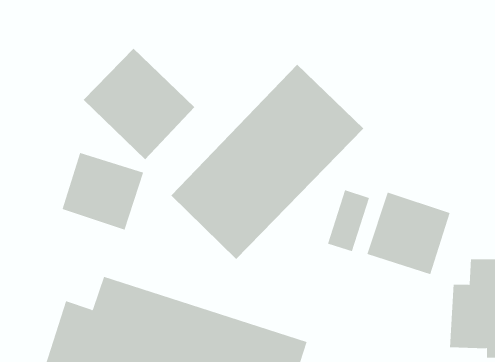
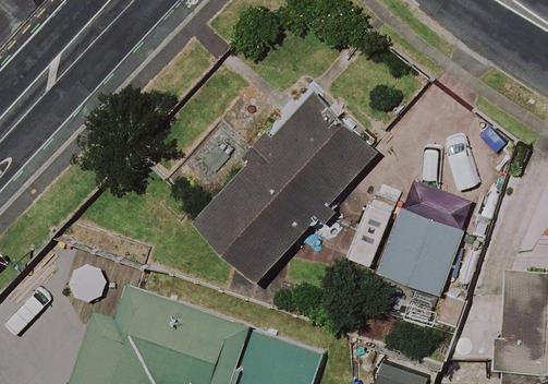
building: [83,48,195,160] -> none
building: [62,152,144,230] -> none

